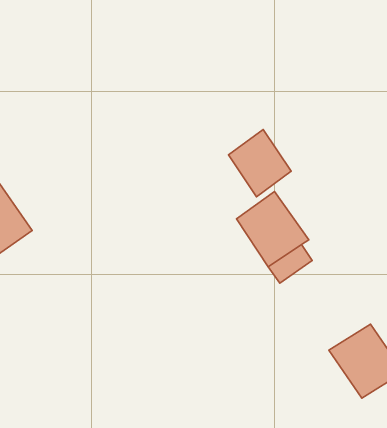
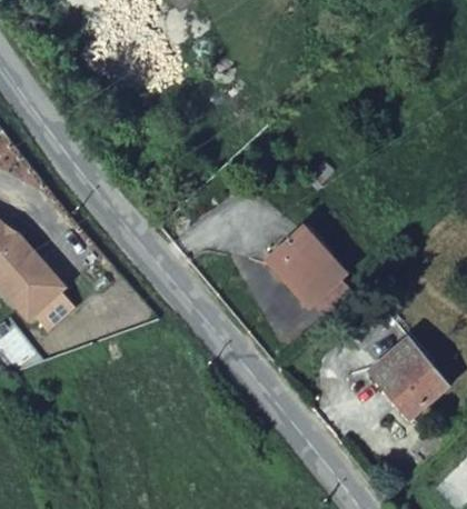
building: [229,129,291,197] -> none

